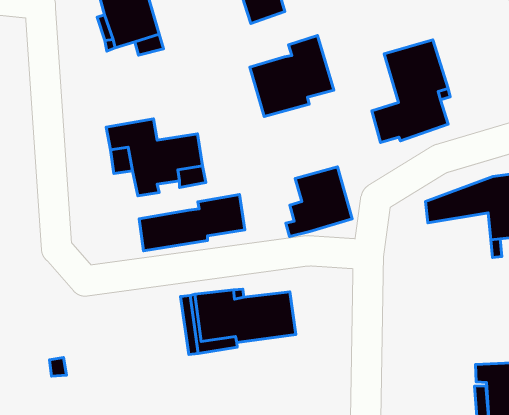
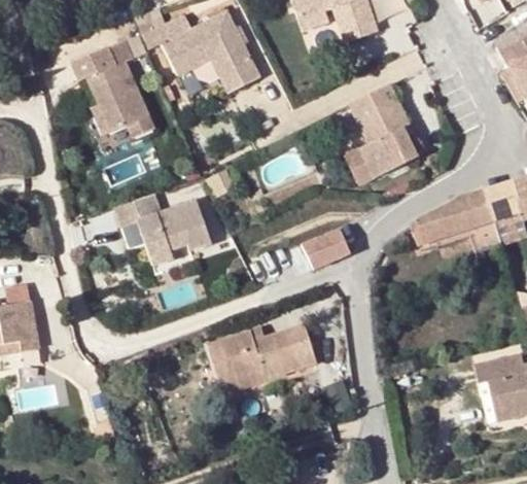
building: [250,36,334,117] -> none
building: [139,194,245,251] -> none

